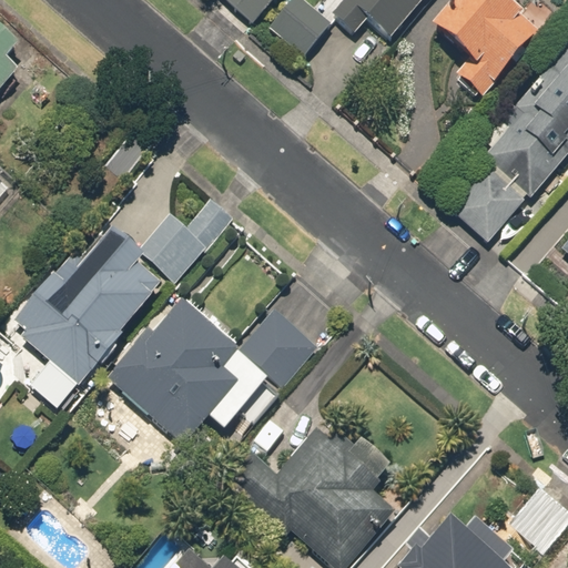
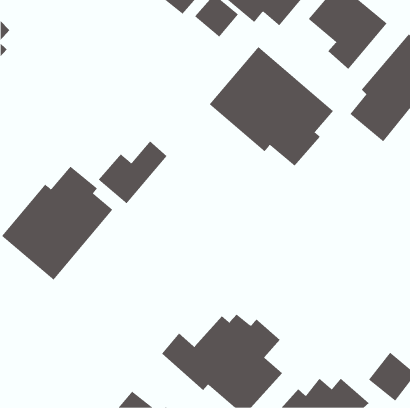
building: none -> [209,46,334,167]
building: [452,169,524,241] -> none
building: [108,296,322,442] -> none

